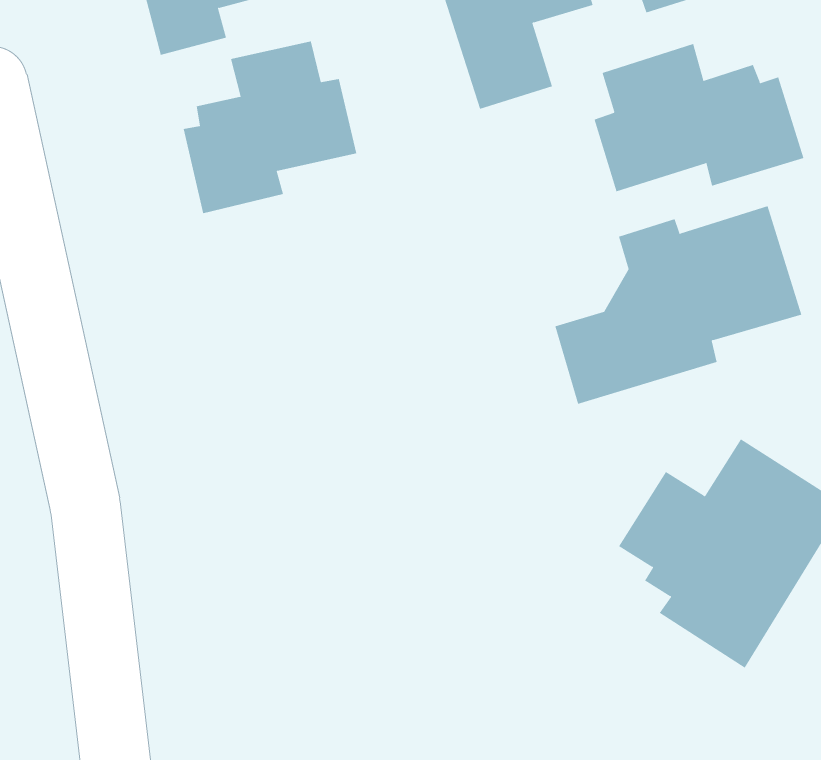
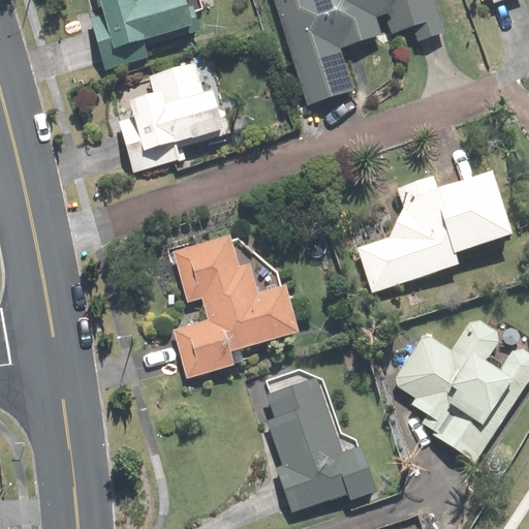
building: [594,43,804,192] -> none
building: none -> [173,236,298,377]
building: none -> [266,368,379,509]

